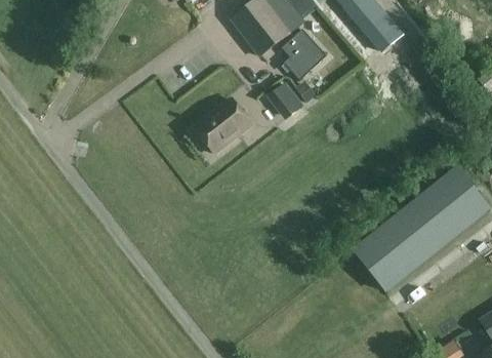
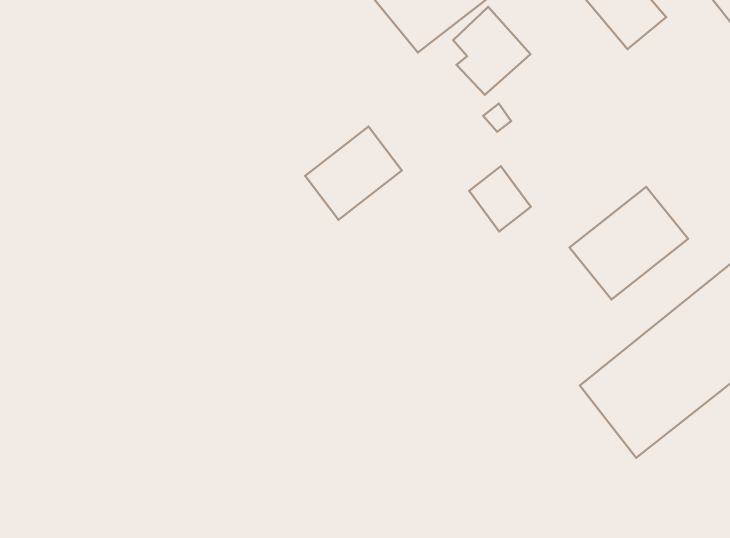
building: [266,80,302,118] -> [469,166,531,231]
building: none -> [569,187,688,300]

